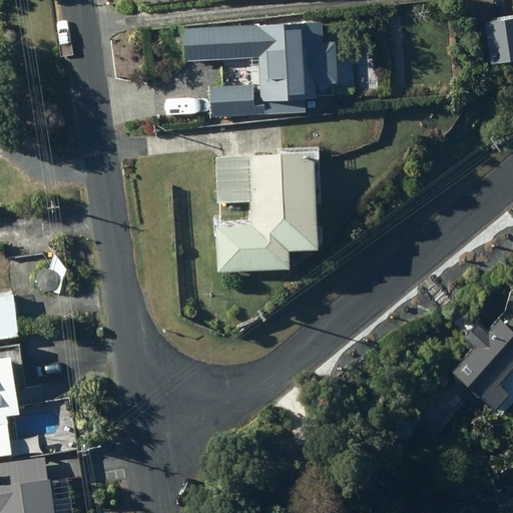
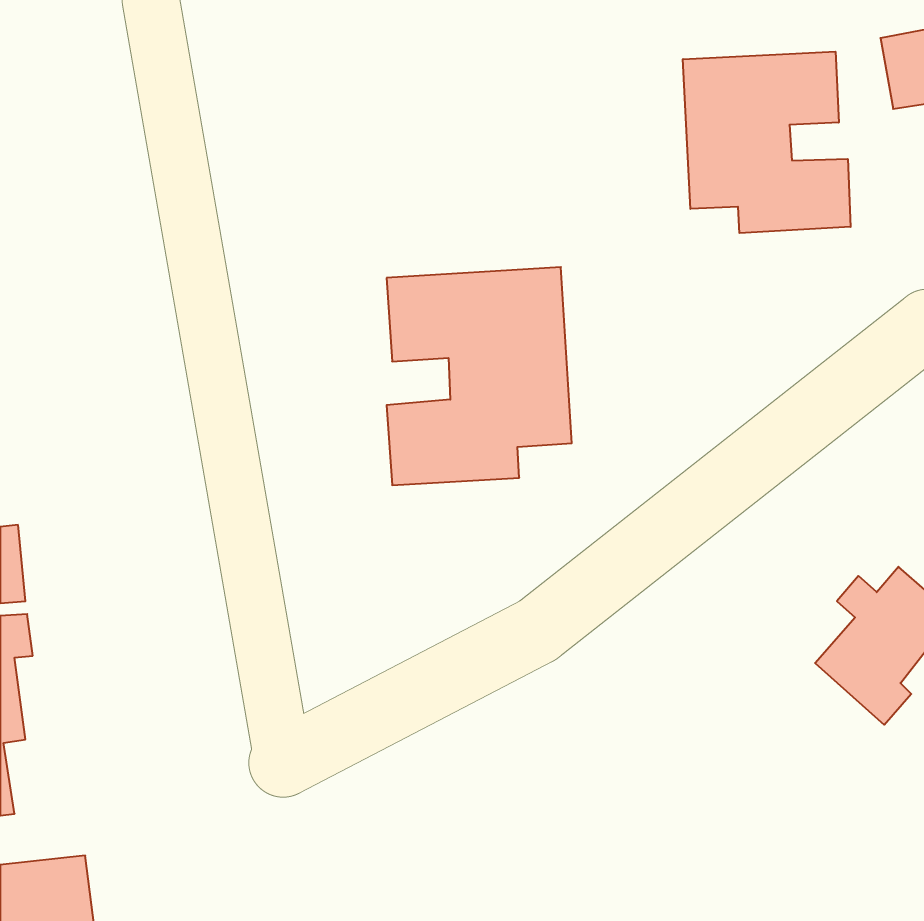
building: [183,22,337,115] -> none
building: none -> [683,52,851,233]

